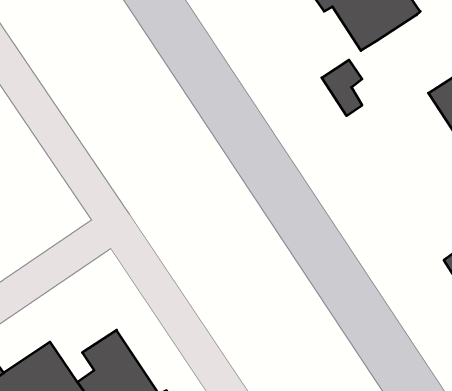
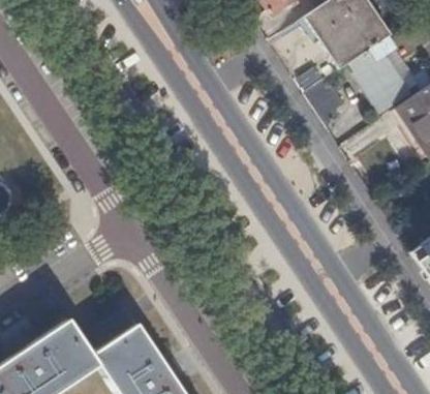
building: none -> [354,38,411,112]

